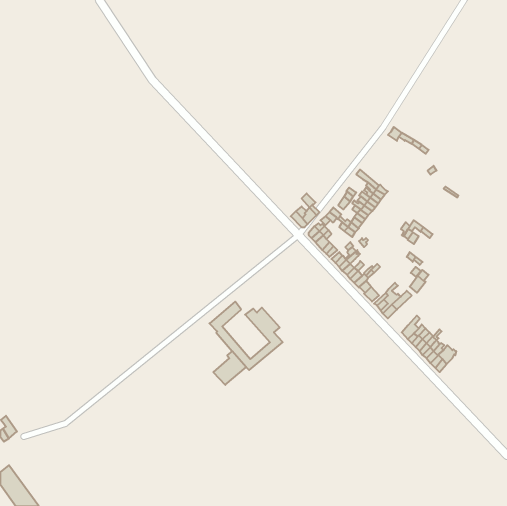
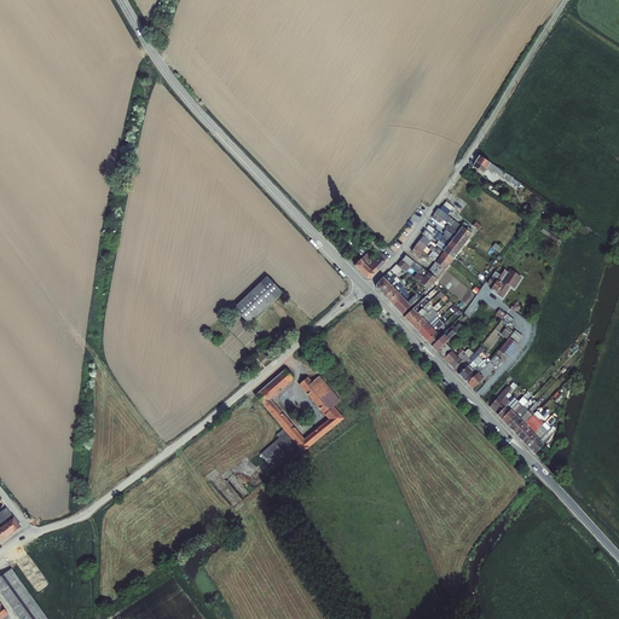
building: none -> [235,276,283,323]

